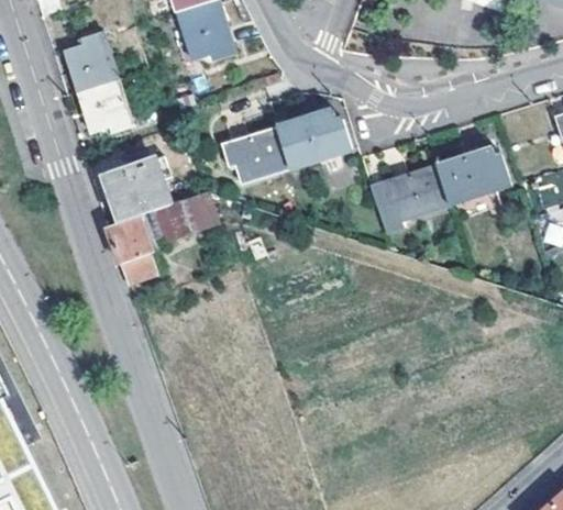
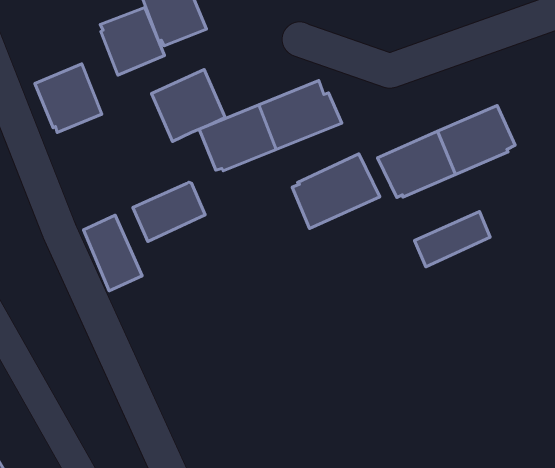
building: [63,31,119,90] -> [100,7,165,75]
building: [104,159,169,222] -> [151,70,225,141]
building: none -> [292,154,380,229]
building: none -> [415,211,490,267]

